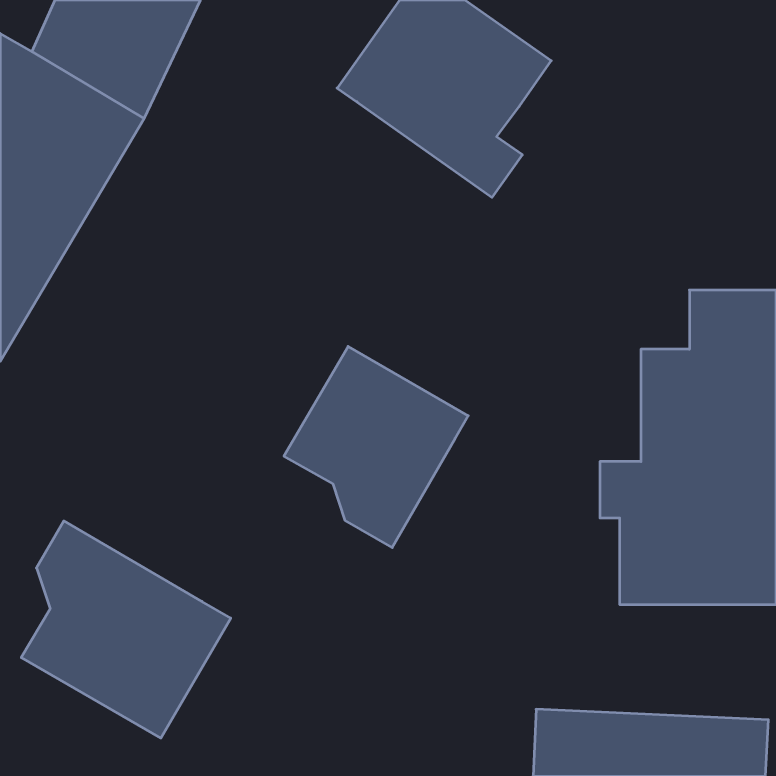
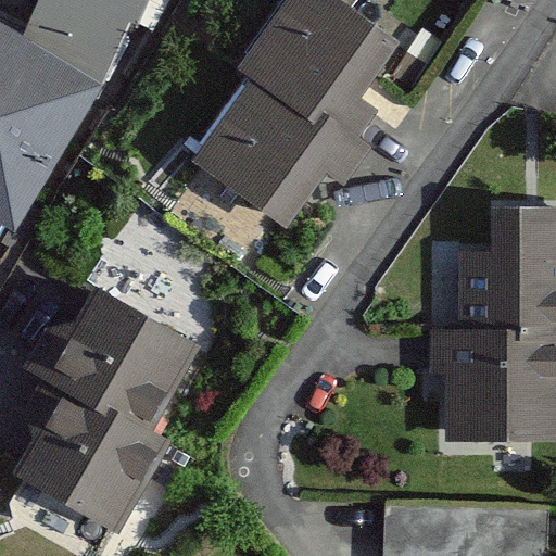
building: none -> [192,73,363,227]
building: [284,346,468,548] -> none
building: none -> [29,288,193,430]

